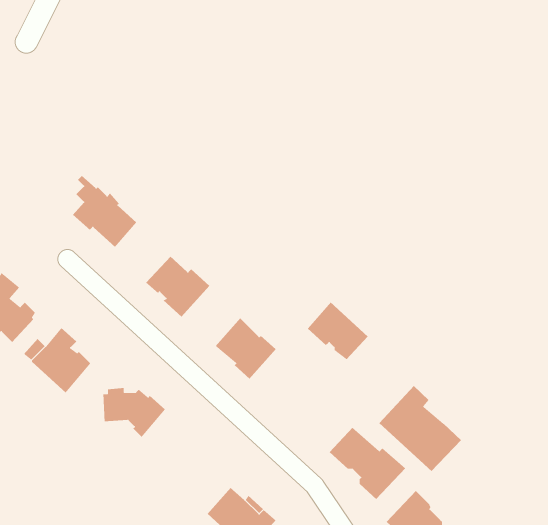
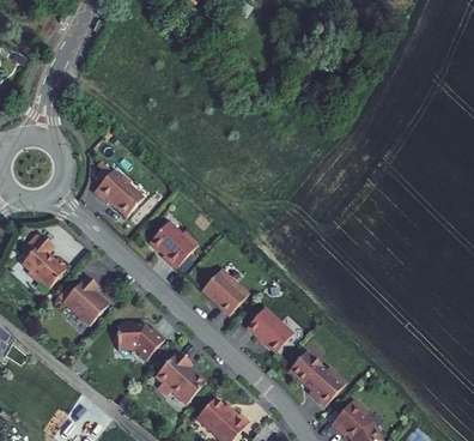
building: [307,302,369,360] -> [247,308,293,352]
building: [378,385,462,472] -> none
building: none -> [156,350,206,403]

